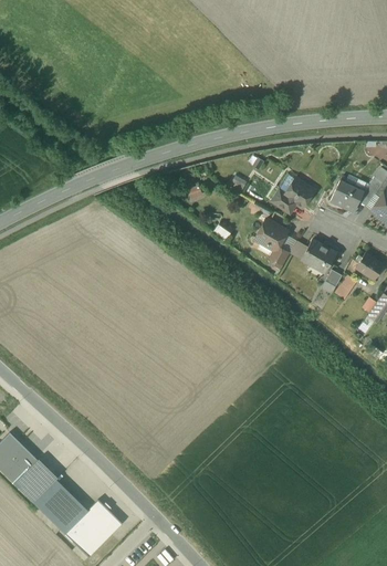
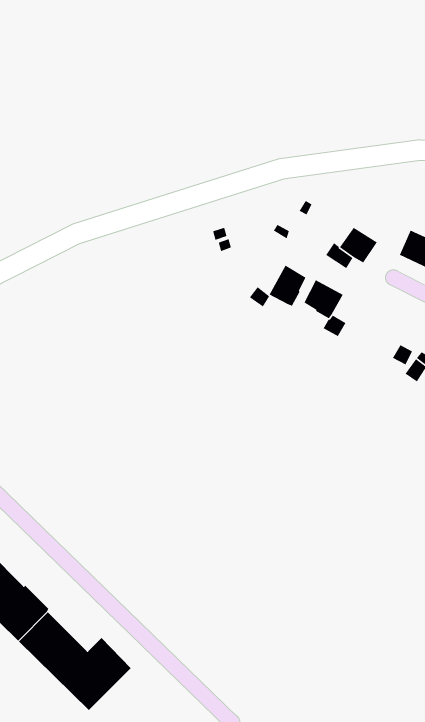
building: none -> [269,264,308,307]
building: [302,240,336,272] -> none

